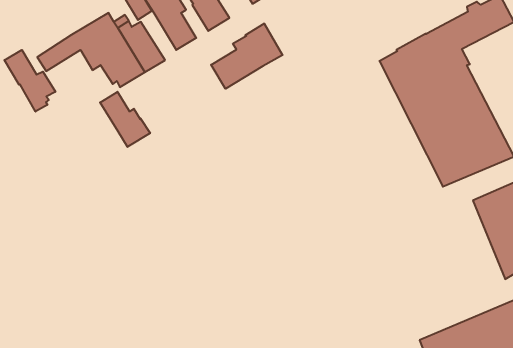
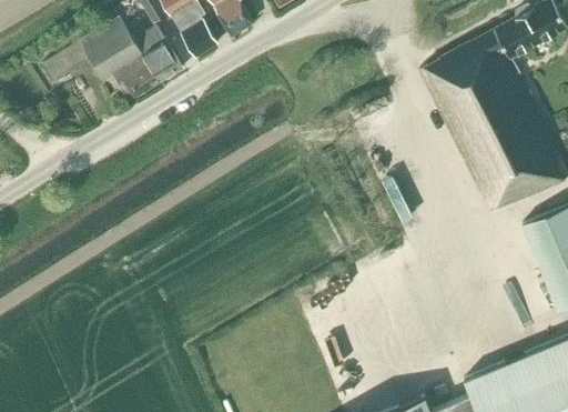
building: [211,23,283,89] -> none
building: [4,50,55,112] -> none
building: [100,92,150,147] -> none

